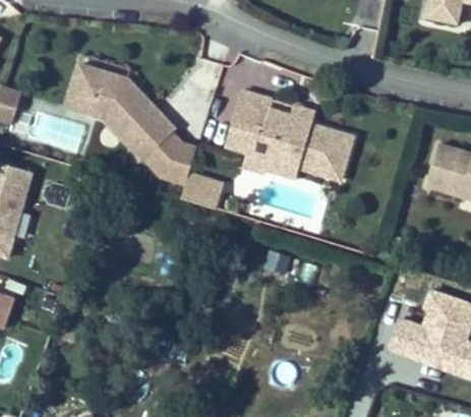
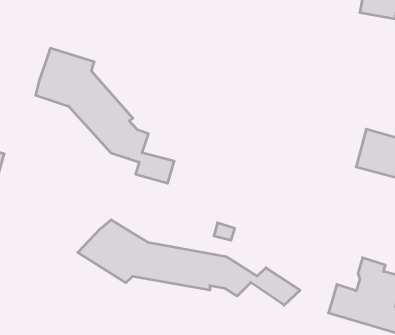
building: [224,85,352,177] -> none
building: none -> [78,220,300,305]

